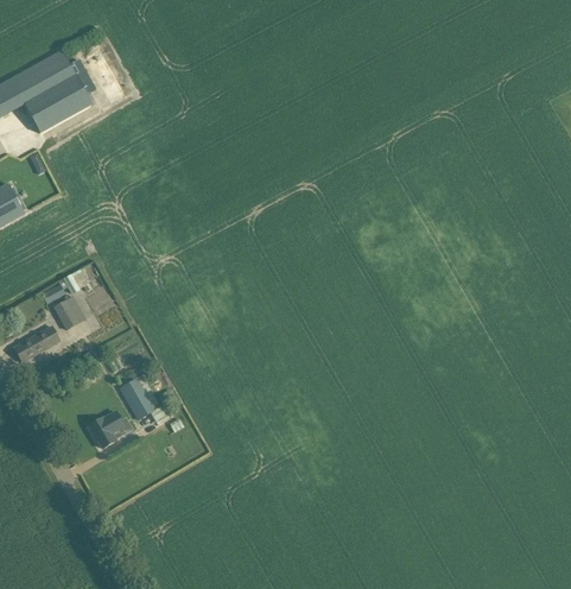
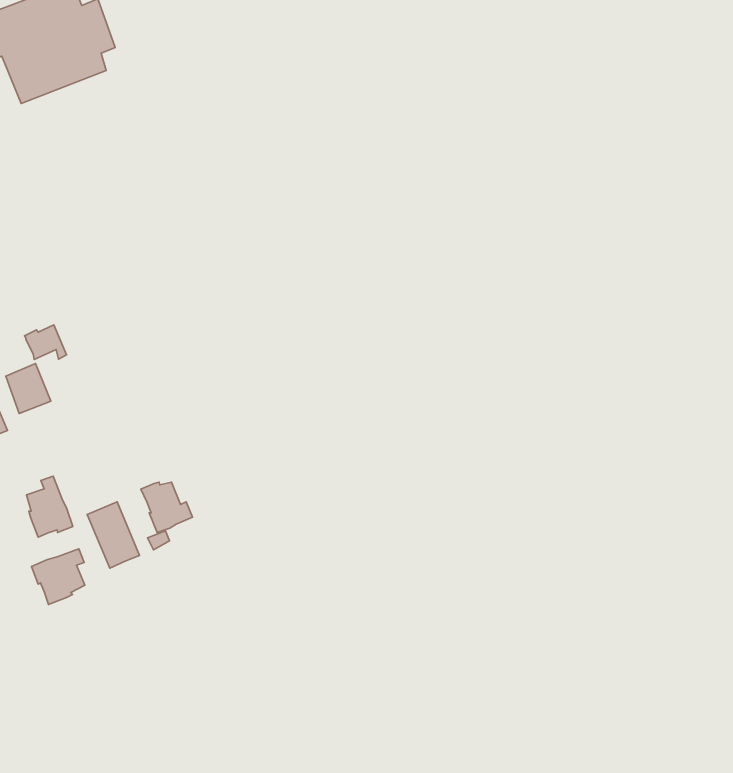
building: none -> [141,482,192,532]
building: none -> [26,476,73,537]

